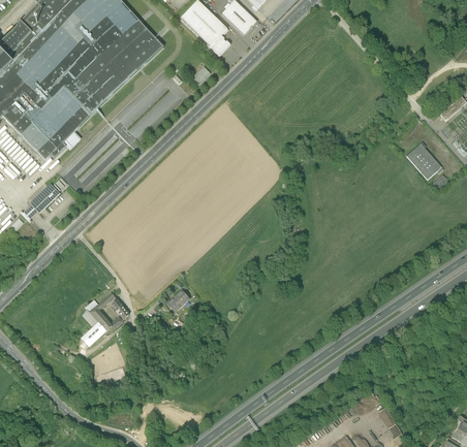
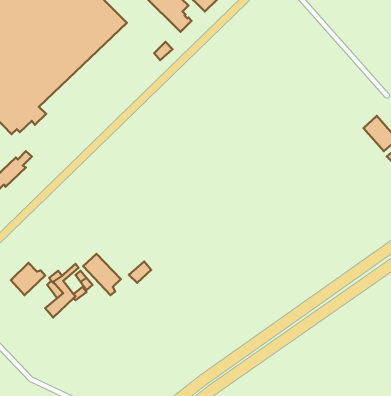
building: none -> [83,254,121,295]
building: none -> [11,263,45,295]

